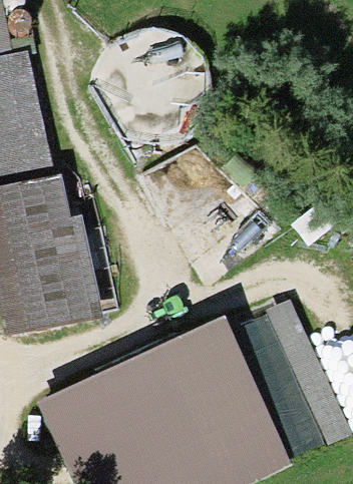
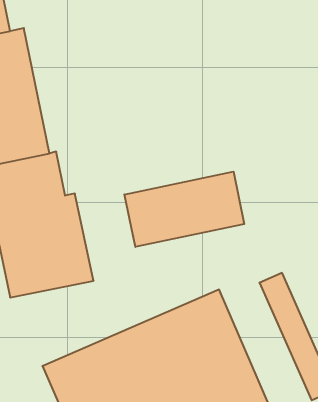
building: none -> [124,172,244,247]

